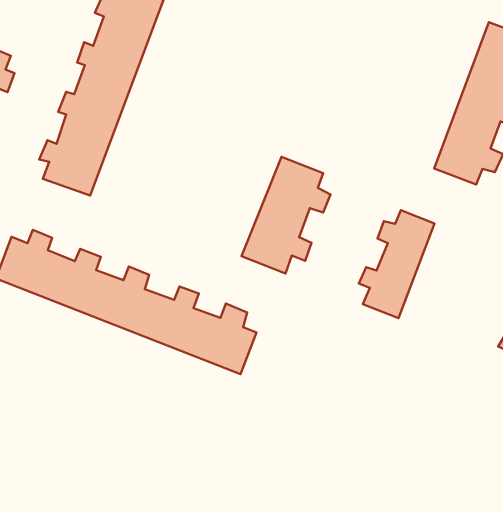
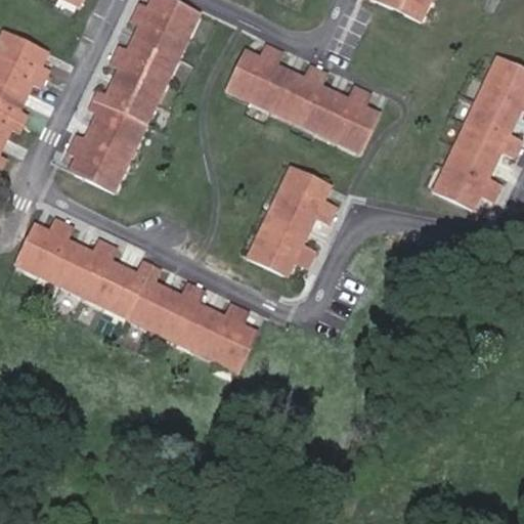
building: none -> [225,44,379,149]
building: [359,210,434,318] -> none

